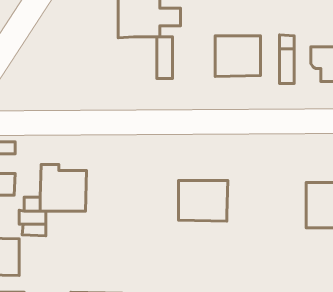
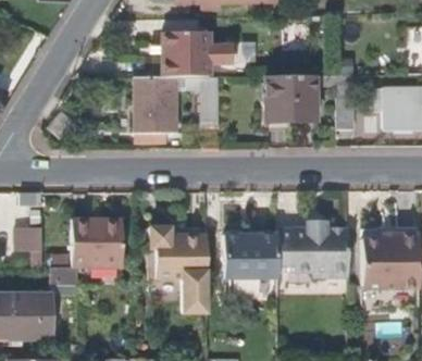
building: none -> [135,76,178,132]
building: none -> [152,225,210,312]
building: none -> [280,227,352,277]

